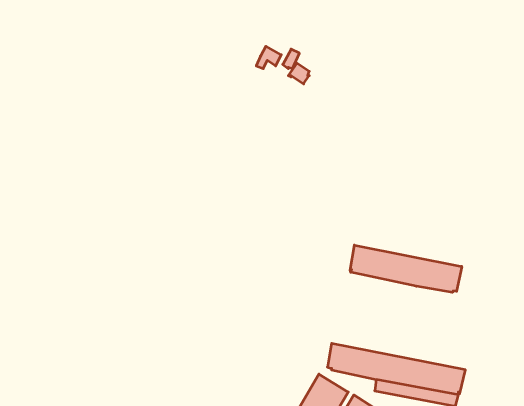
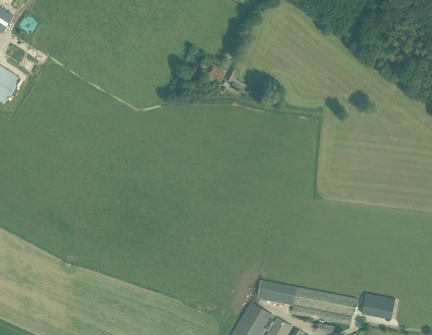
building: [350,245,462,292] -> none
building: none -> [361,293,394,319]

